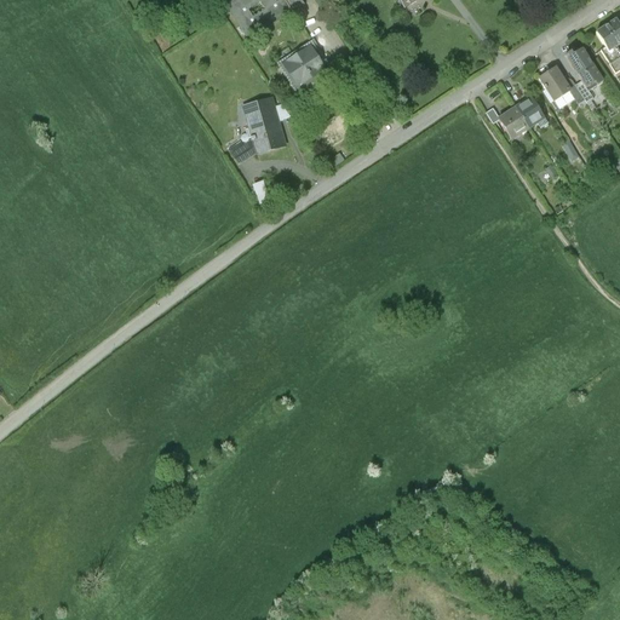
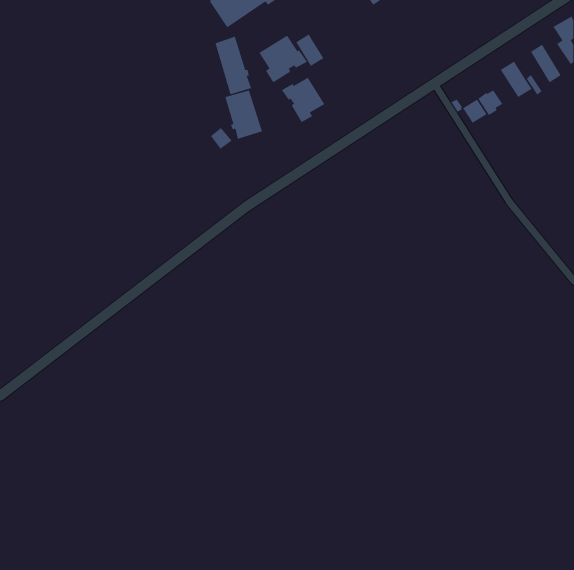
building: none -> [296,33,324,67]
building: none -> [215,36,252,95]
building: none -> [281,77,325,123]

